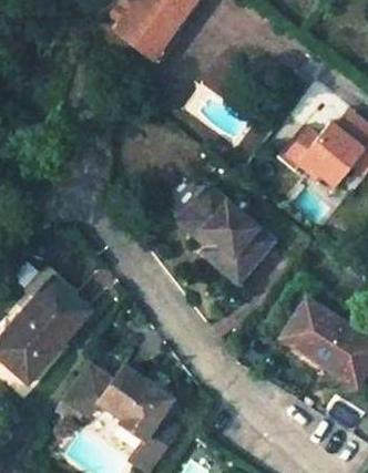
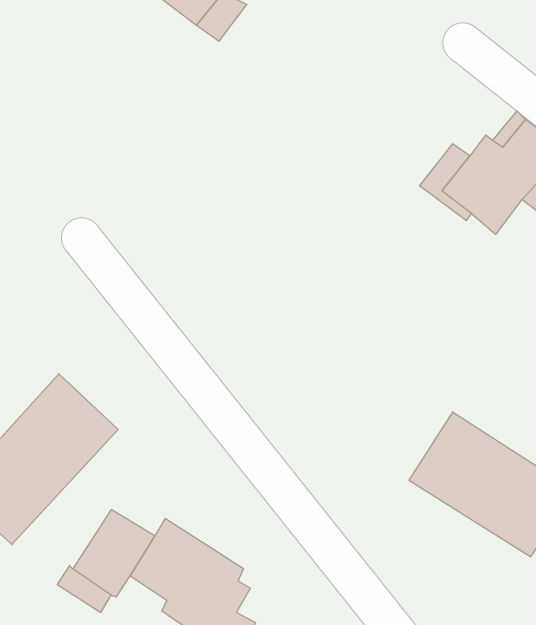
building: [181,187,272,282] -> none

